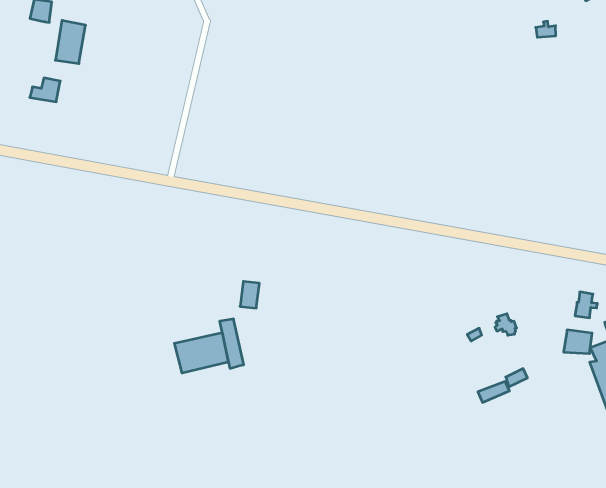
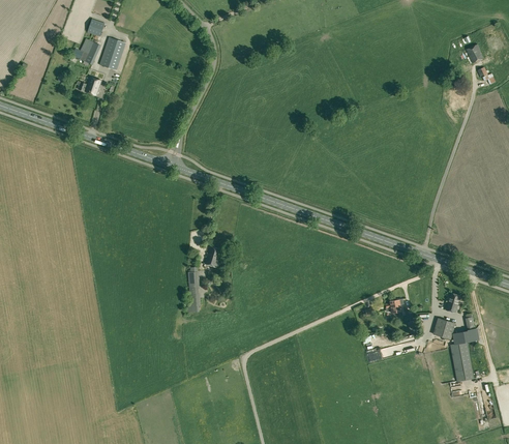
building: none -> [72,38,101,65]
building: [174,333,228,373] -> none

